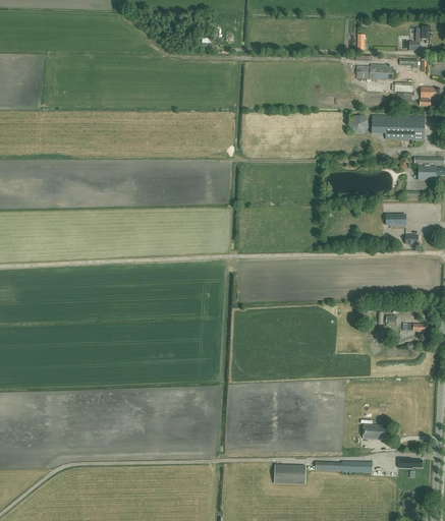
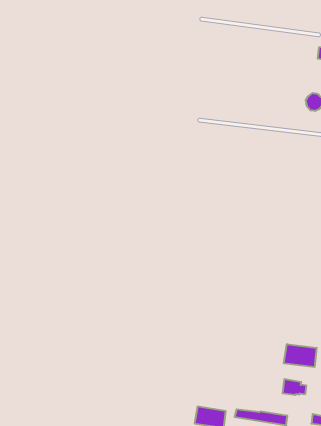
building: none -> [284,344,317,367]

